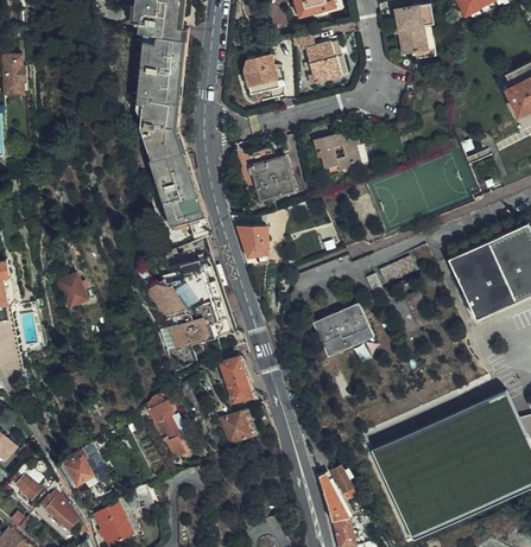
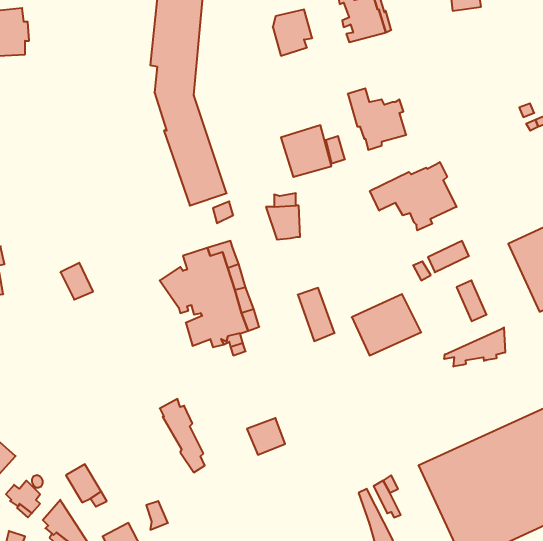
building: none -> [370,162,457,230]
building: none -> [444,327,505,367]
building: [220,358,252,405] -> [298,288,335,341]

